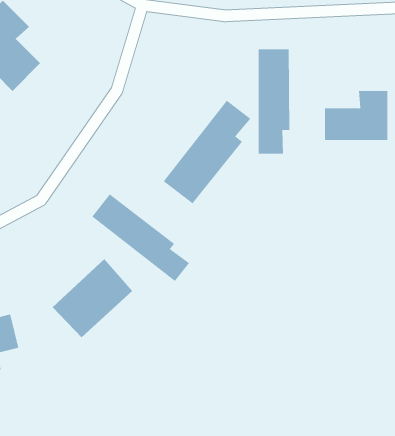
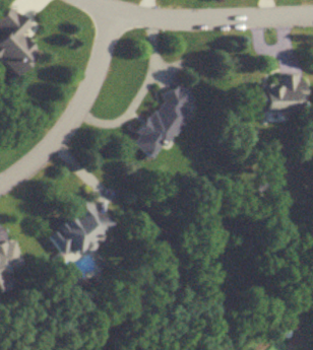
building: [258,48,290,155] -> none
building: [91,194,190,282] -> none

